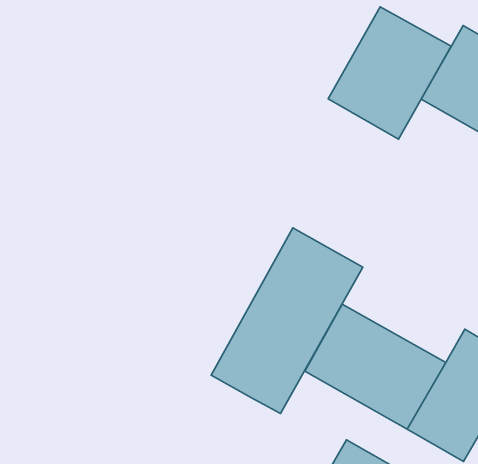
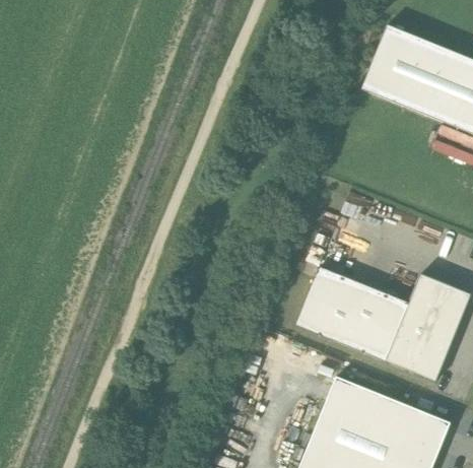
building: [328,7,451,139] -> none
building: [211,228,363,414] -> none

